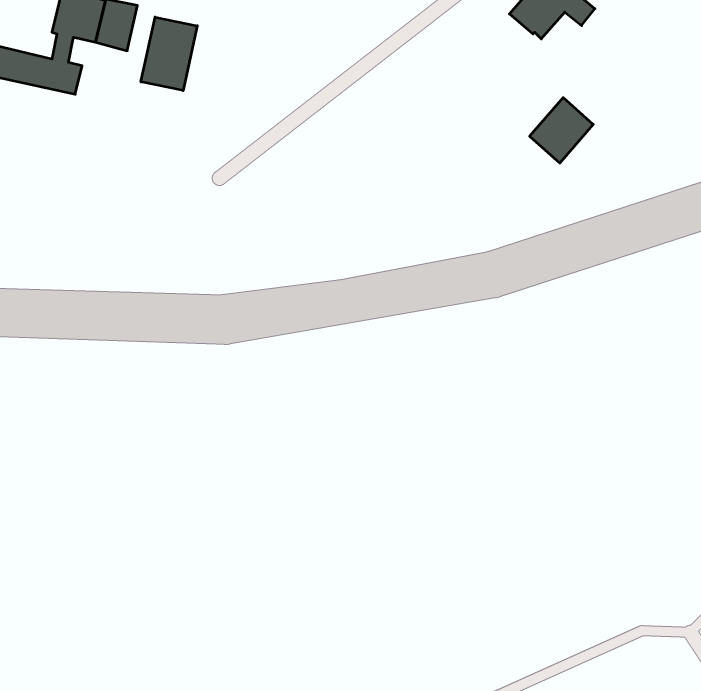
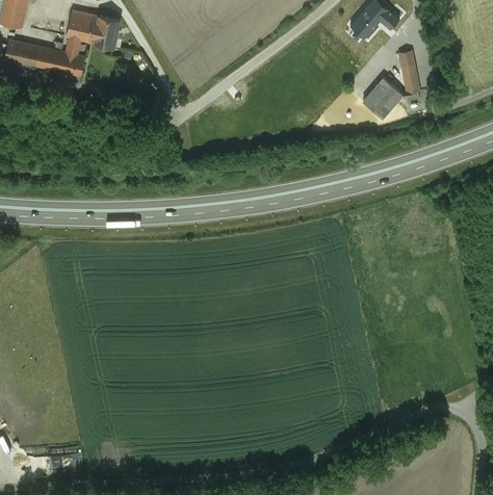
building: [141,17,197,91] -> none
building: none -> [397,50,420,94]

